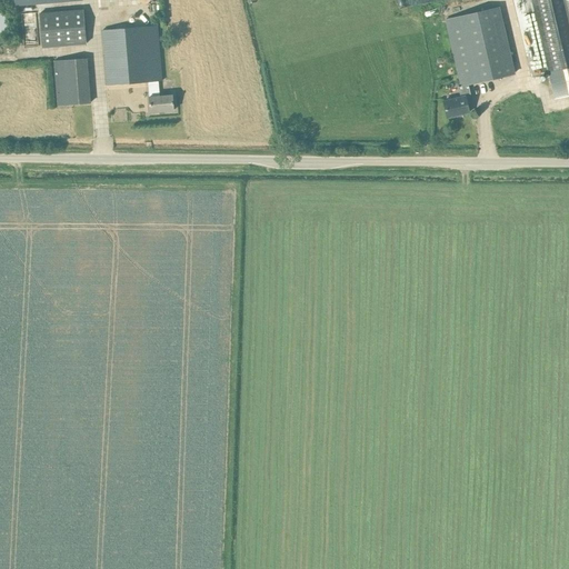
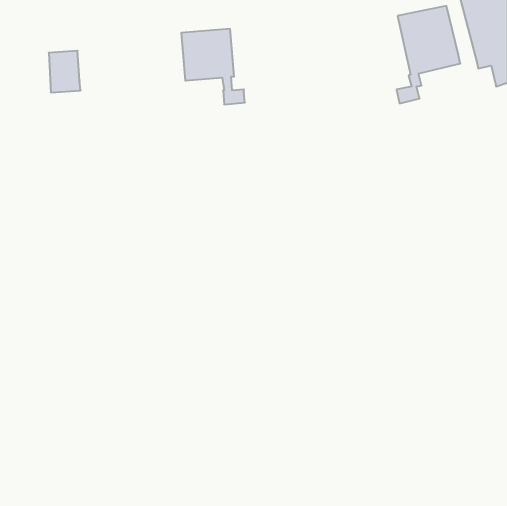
building: [17,8,88,49] -> none
building: [103,26,174,110] -> [181,29,245,104]

